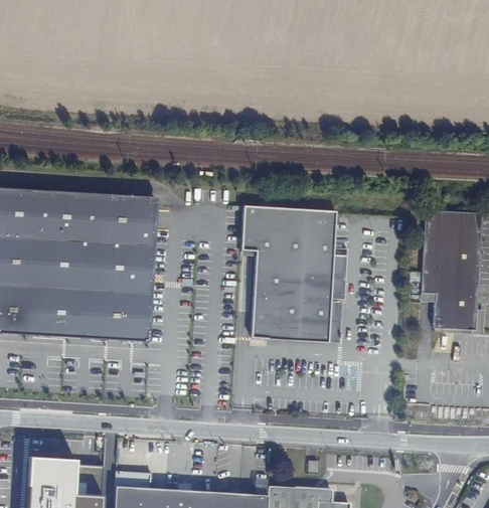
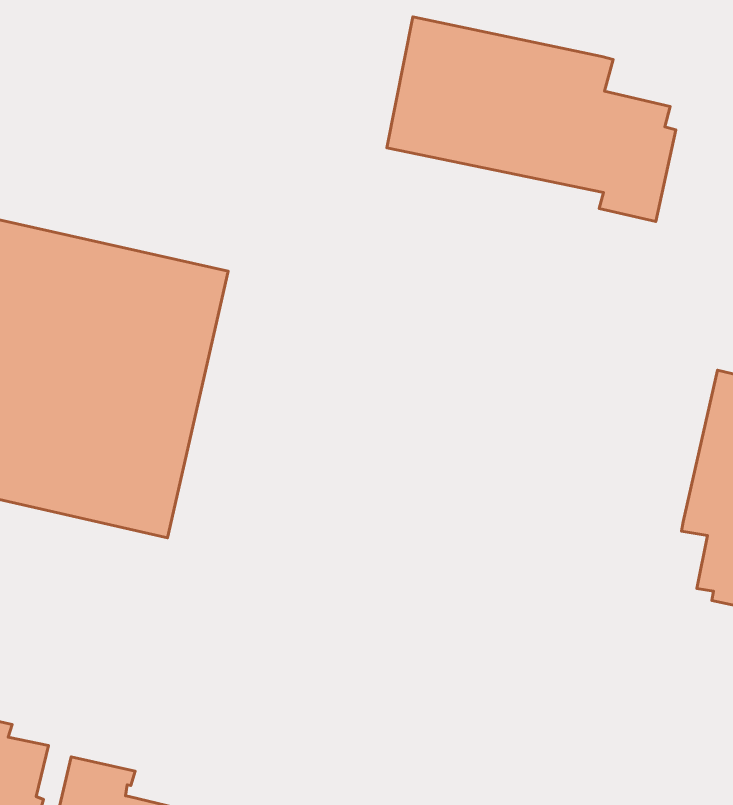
building: none -> [387,17,676,221]
building: [238,205,344,341] -> none

